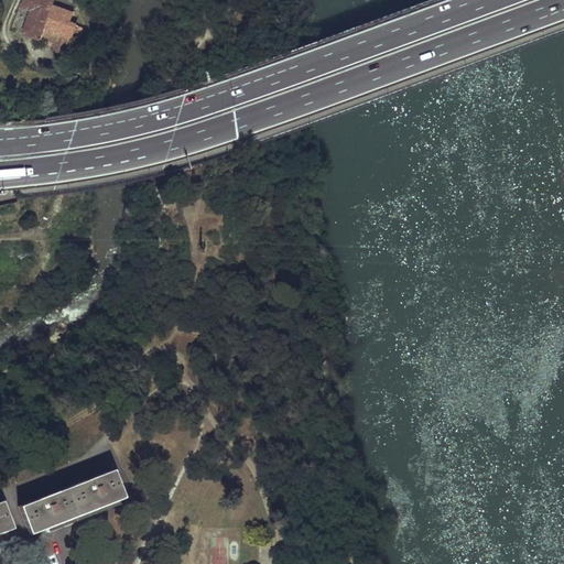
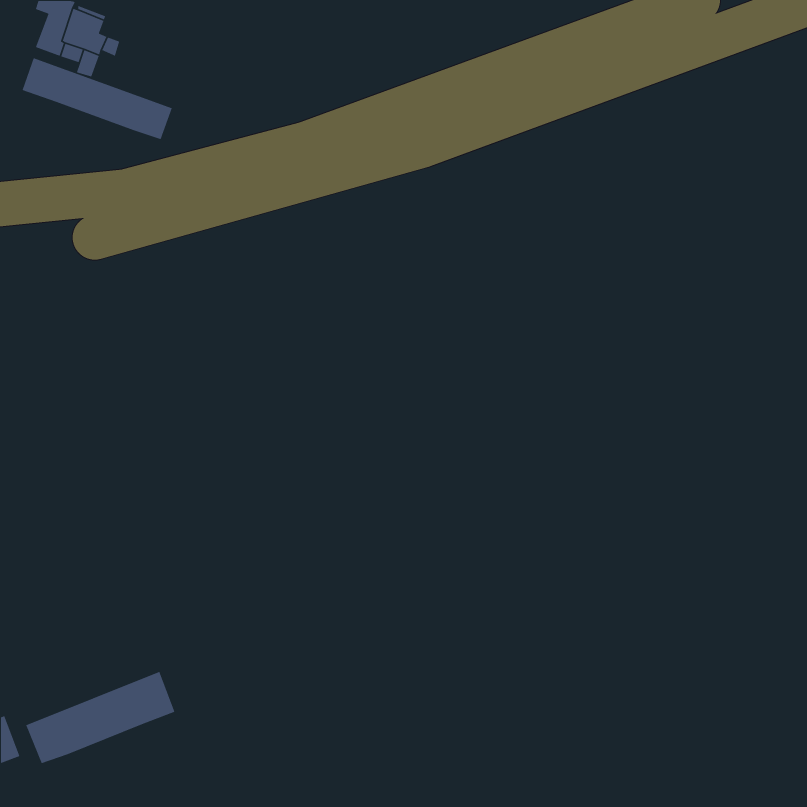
building: none -> [22,57,173,140]

